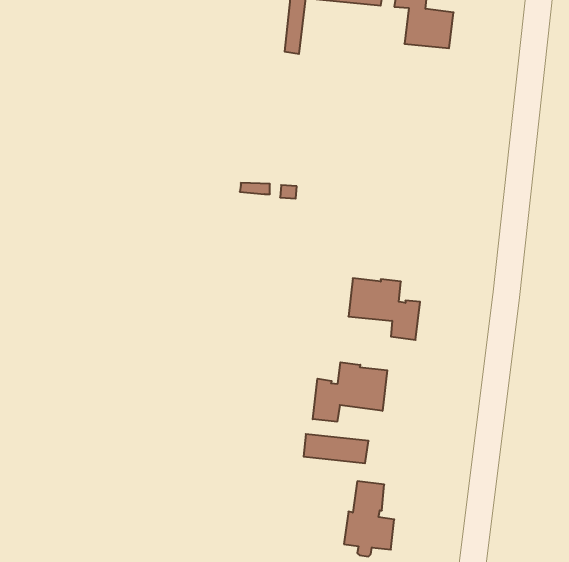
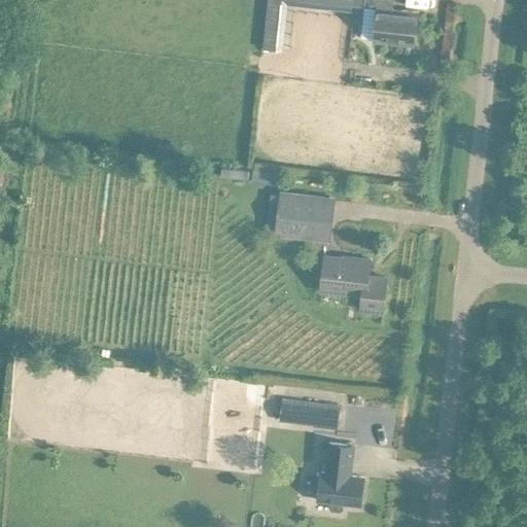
building: none -> [277,195,330,237]
building: [313,362,387,422] -> none

